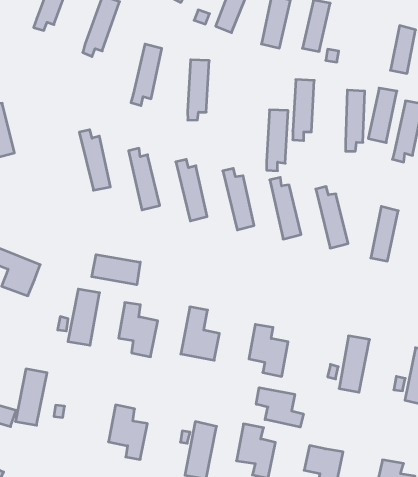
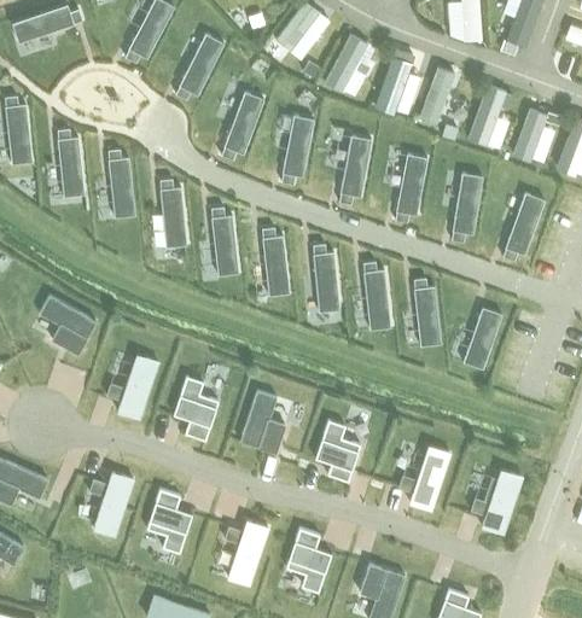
building: [368,88,397,143] -> [468,86,507,147]
building: none -> [107,150,134,218]
building: [267,110,288,171] -> [339,136,372,205]
building: [92,255,140,285] -> none
building: [15,369,47,425] -> [91,473,133,537]
building: [256,388,303,427] -> none

